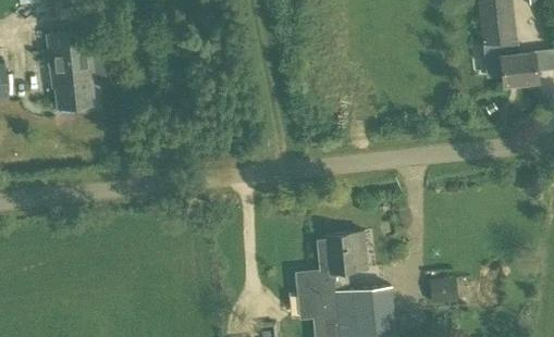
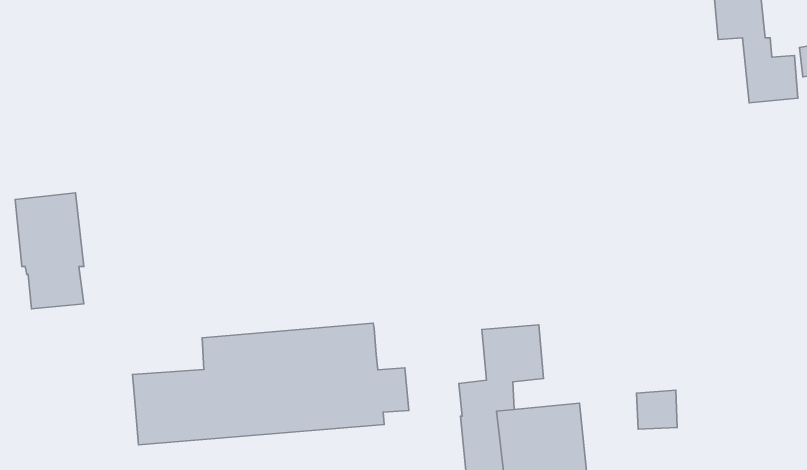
building: [48,32,94,109] -> [15,193,84,309]
building: none -> [132,323,409,445]

